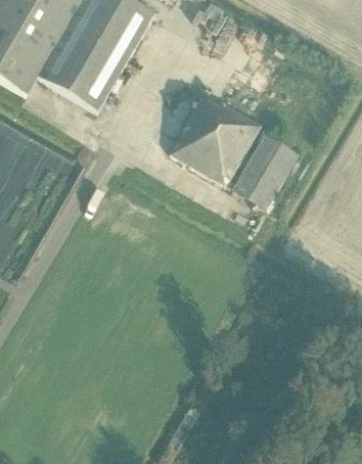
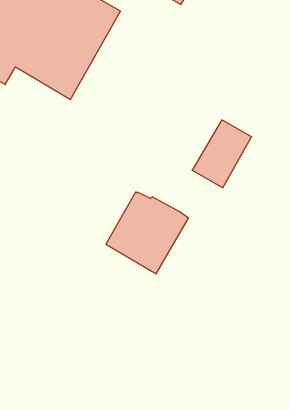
building: [170,94,261,184] -> [106,192,189,274]

